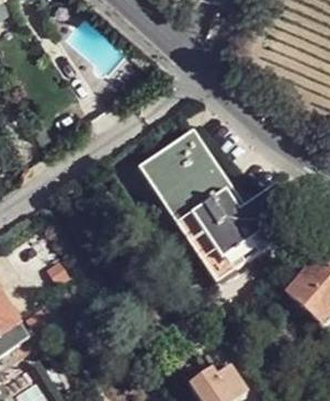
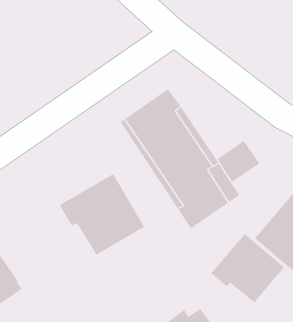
building: none -> [59,173,145,255]
building: none -> [210,233,285,303]

